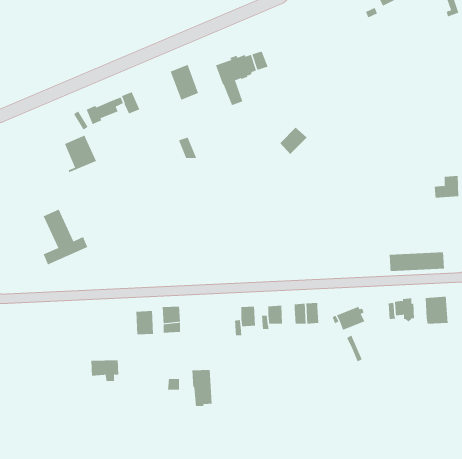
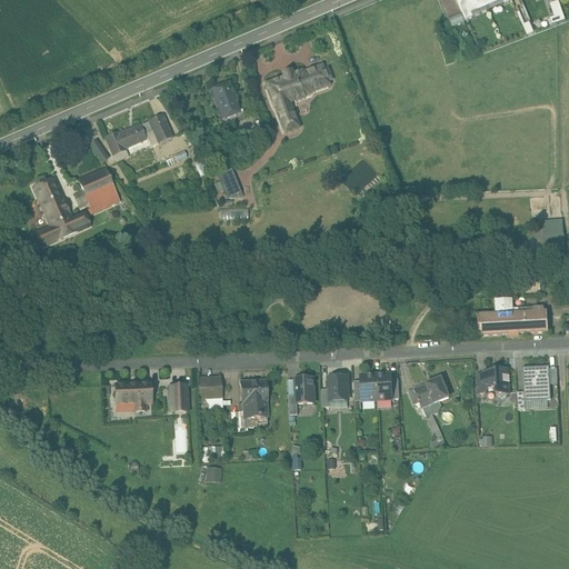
building: [43,209,88,265] -> [33,176,89,244]
building: [90,360,119,381] -> [116,382,151,409]
building: [192,369,212,406] -> [241,379,267,425]

